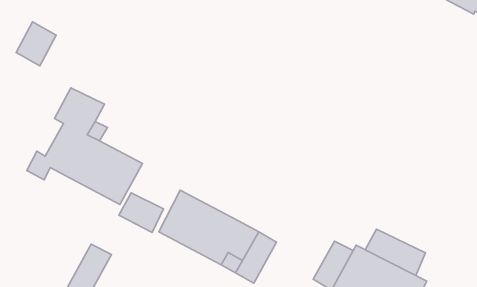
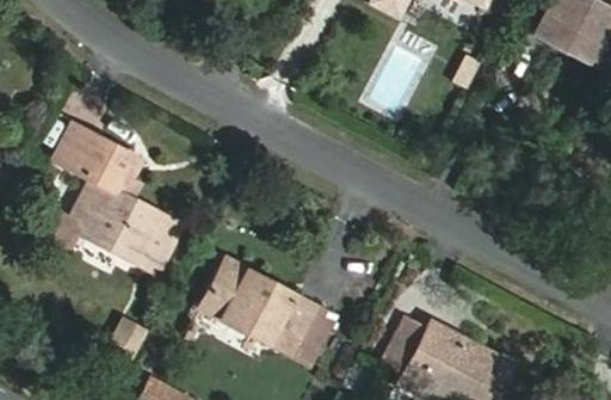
building: [16,22,56,66] -> [53,123,99,174]
building: [119,193,164,233] -> none
building: [365,229,426,275] -> none

